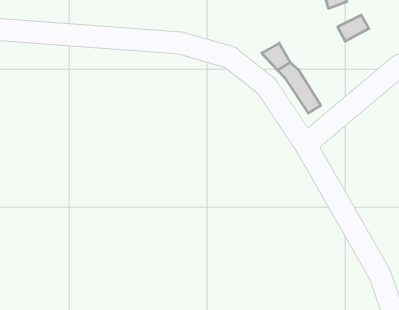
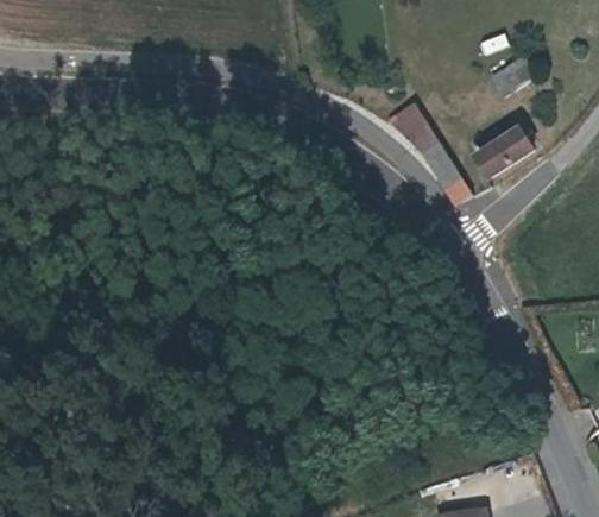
building: none -> [475,128,532,174]

